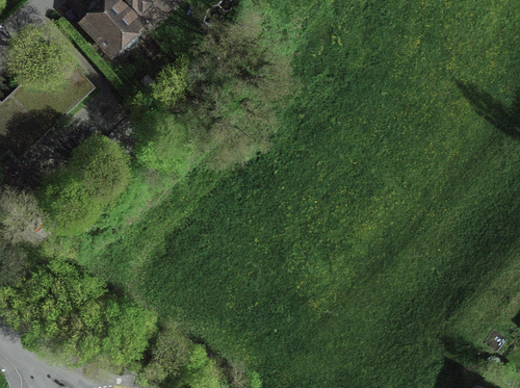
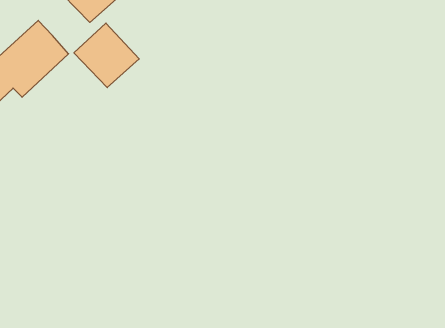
building: none -> [74,23,139,88]

